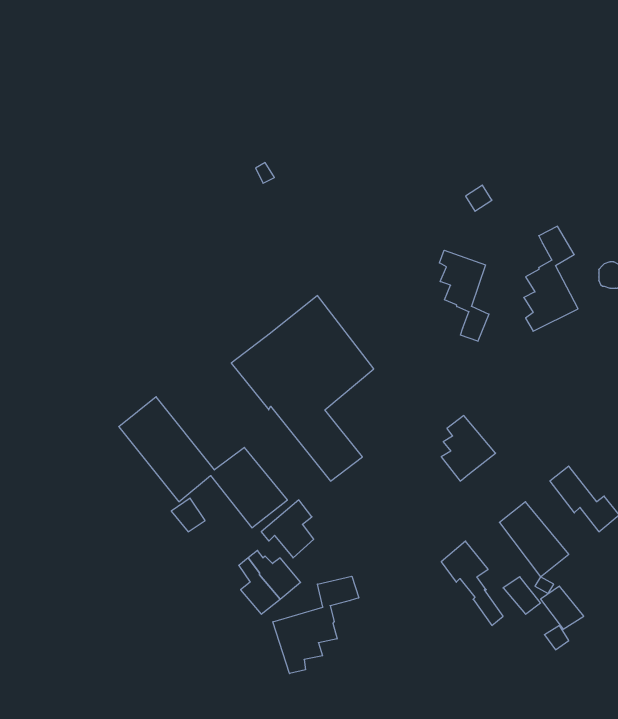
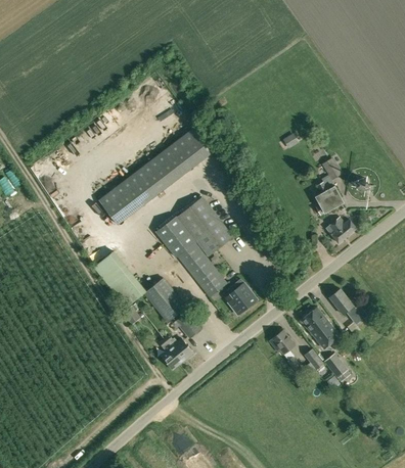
building: none -> [98,126,209,217]
building: [439,250,489,341] -> none
building: none -> [326,218,357,243]
building: [441,416,496,481] -> [228,279,258,315]
building: [273,576,359,674] -> none

